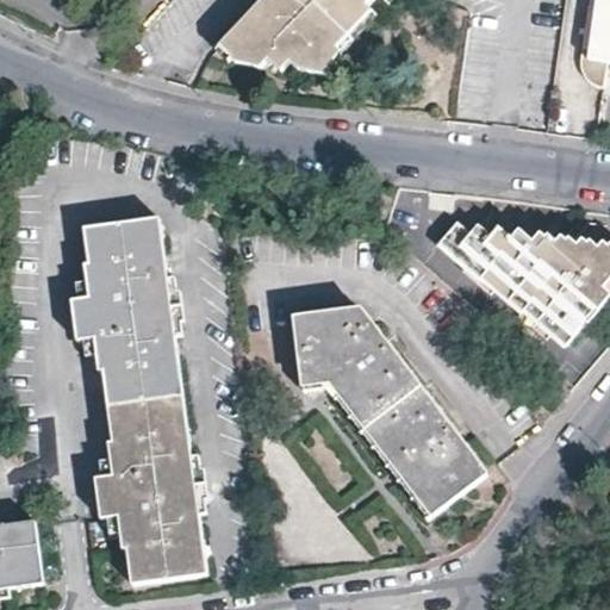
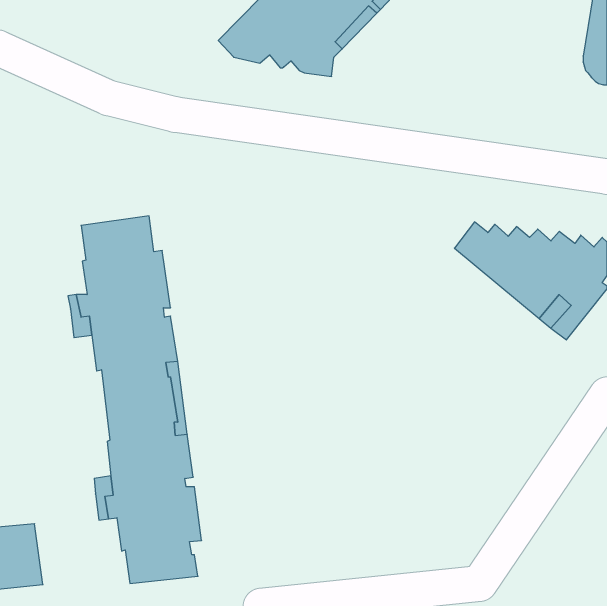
building: [293,307,485,512] -> none

